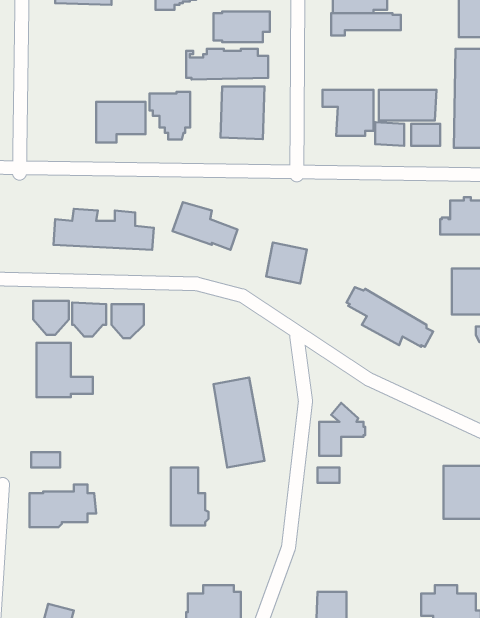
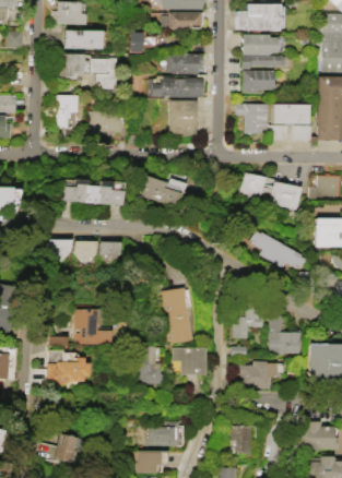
building: none -> [58,53,83,76]
building: none -> [243,70,274,93]
building: none -> [56,95,78,128]
building: [149,92,190,140] -> [91,58,117,88]
building: none -> [269,181,303,210]
building: [266,243,307,283] -> [240,172,267,199]
building: [37,343,93,397] -> [75,309,111,344]
building: none -> [270,315,302,352]
building: none -> [178,350,210,377]
building: none -> [237,361,278,389]

